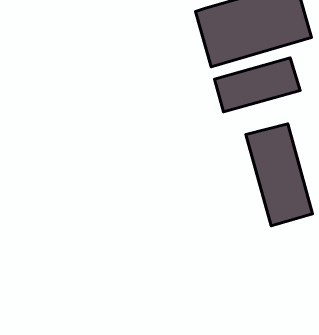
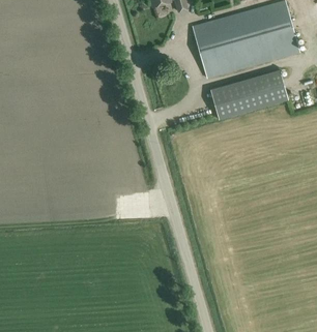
building: [246,124,313,226] -> none

